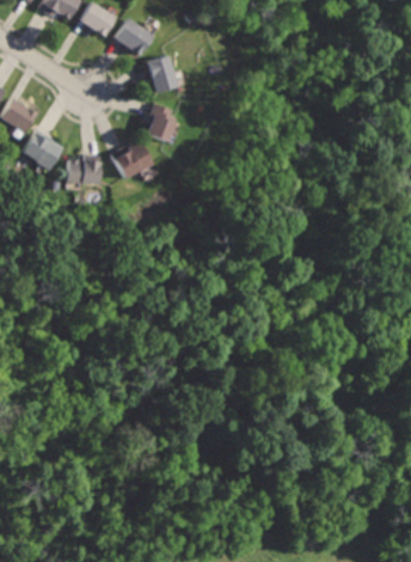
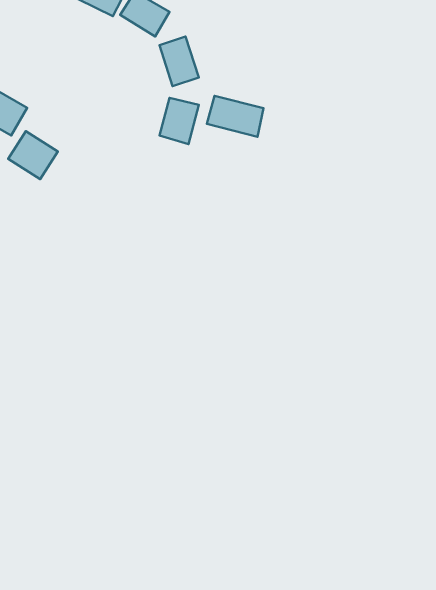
building: none -> [207,96,263,137]
building: [111,142,153,181] -> none
building: [67,158,100,185] -> none

